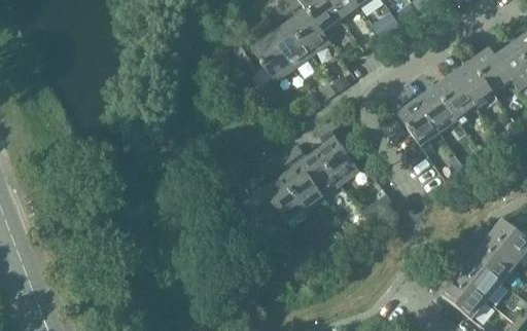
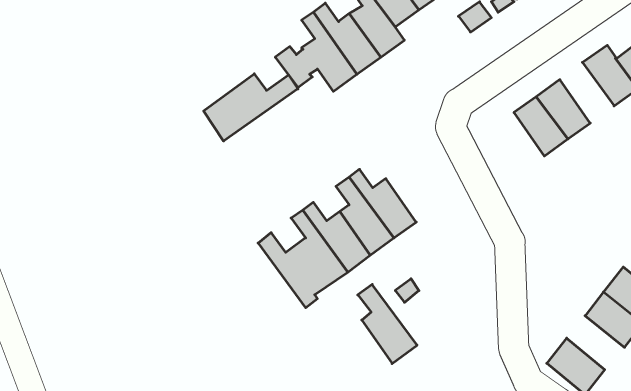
building: [452,60,494,107] -> none
building: none -> [204,74,298,141]
building: [396,99,440,146] -> none
building: [313,122,359,184] -> [358,284,417,364]
building: [457,257,502,299] -> none

